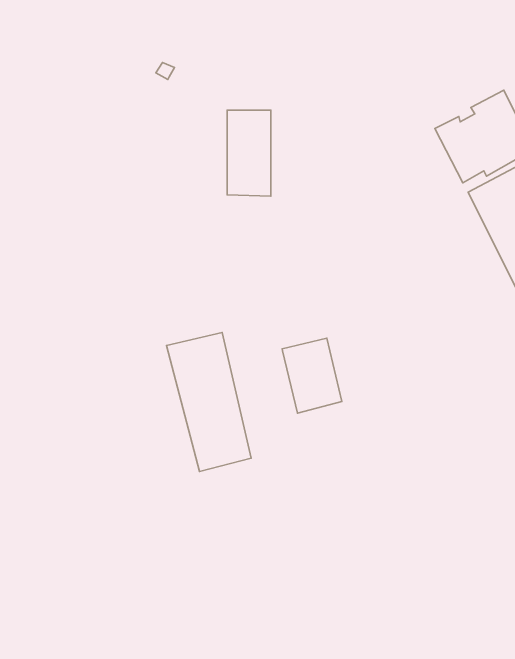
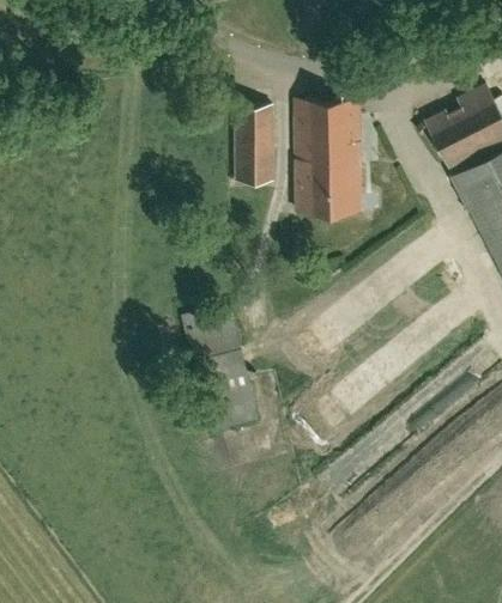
building: none -> [295,102,377,217]
building: [282,338,342,413] -> none

